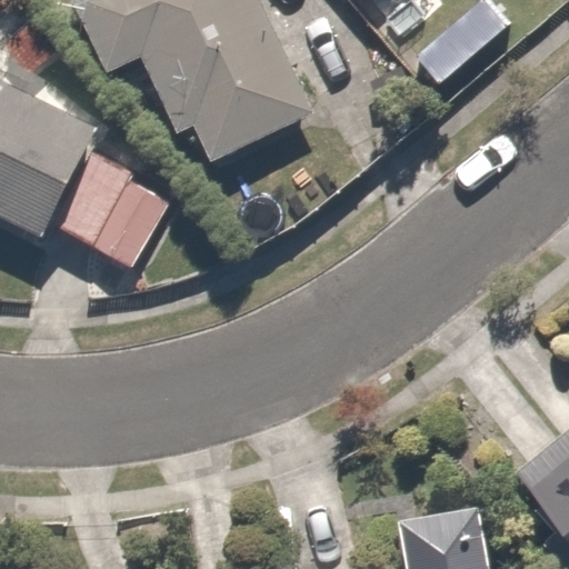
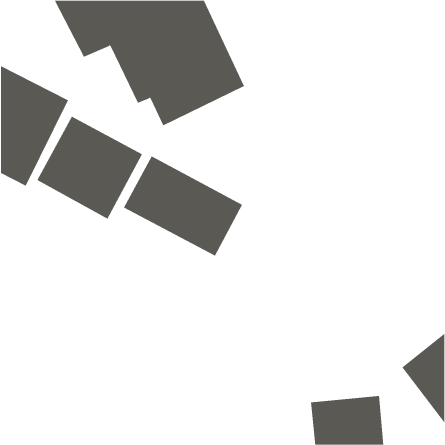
building: none -> [123,156,243,257]

